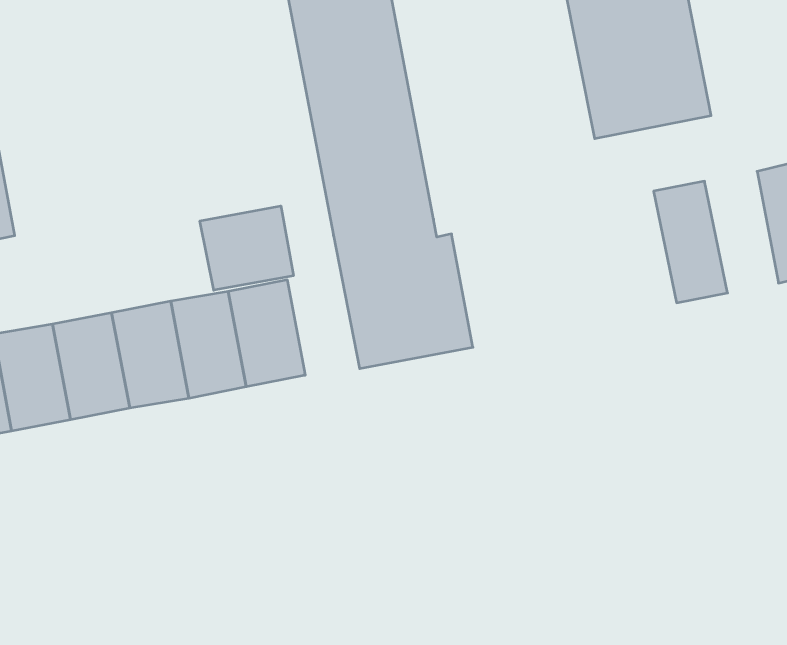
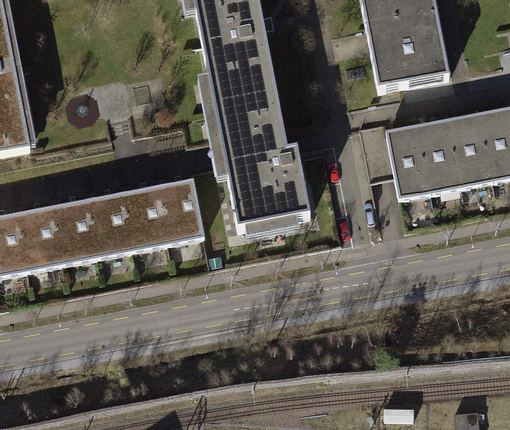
building: none -> [448,112,493,186]
building: none -> [386,124,431,199]
building: [200,206,293,290] -> none

